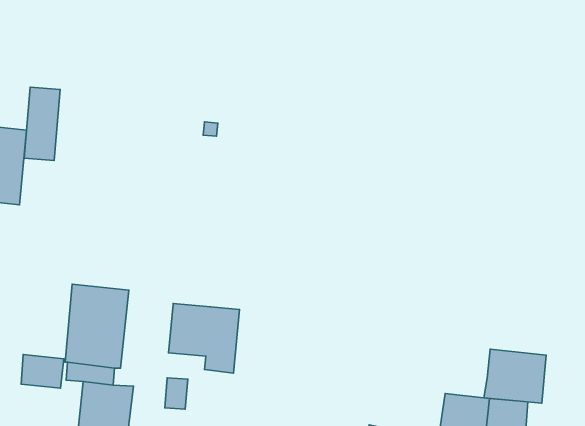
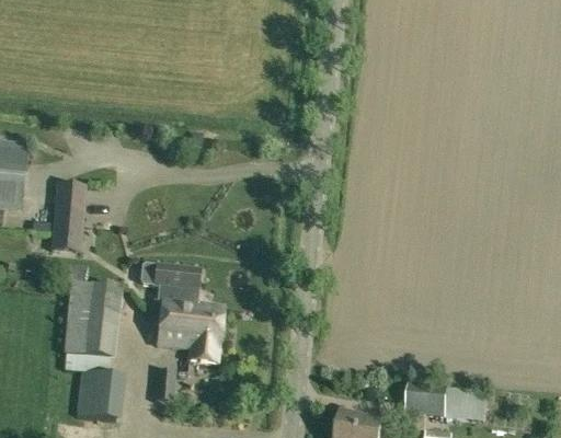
building: [24,87,60,161] -> [53,182,85,249]
building: none -> [140,264,199,302]
building: [484,349,546,403] -> none
building: [21,354,64,388] -> none

